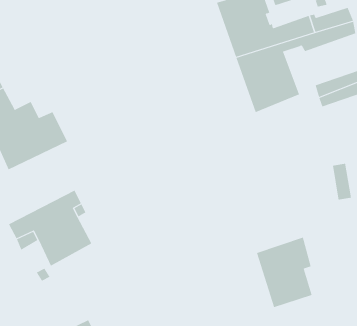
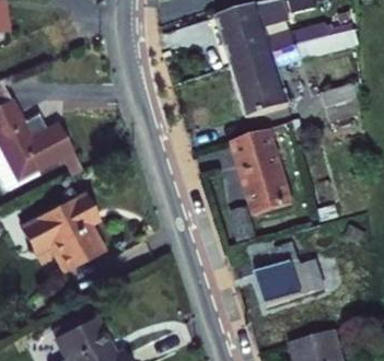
building: none -> [233,132,294,219]

